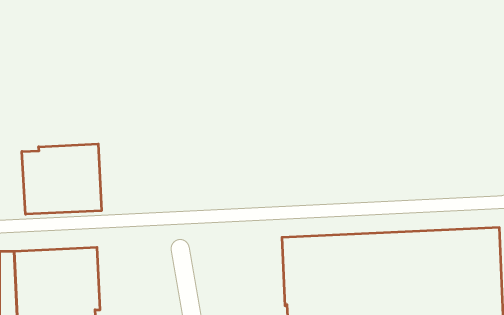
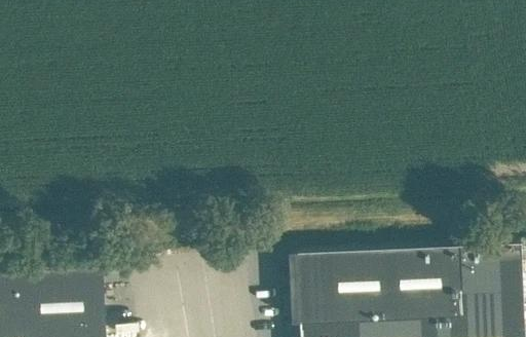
building: [22,144,101,214] -> none

